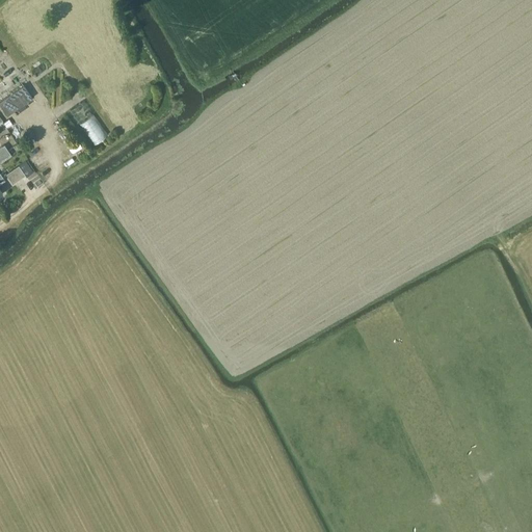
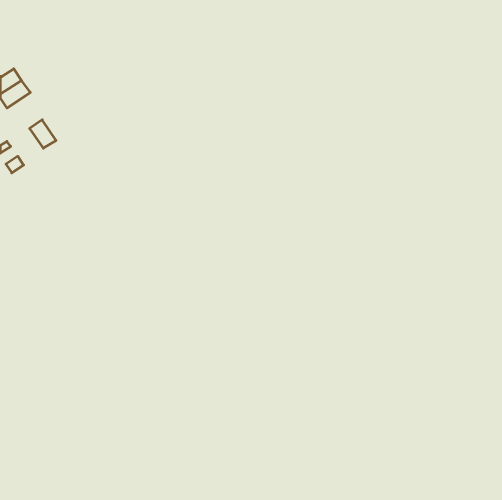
building: [80,114,108,144] -> [30,120,56,148]

